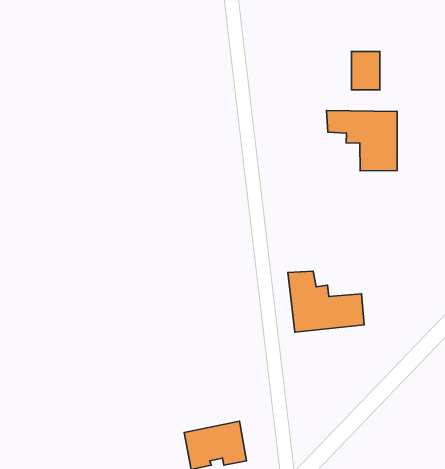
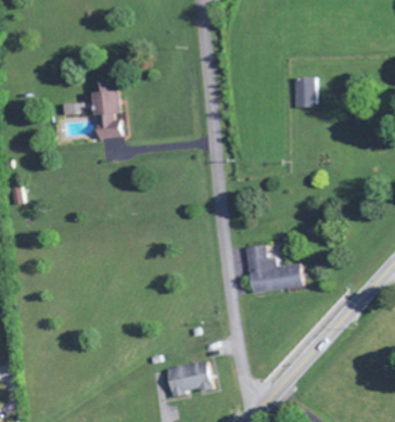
building: none -> [93,82,122,138]
building: [326,110,397,171] -> none

